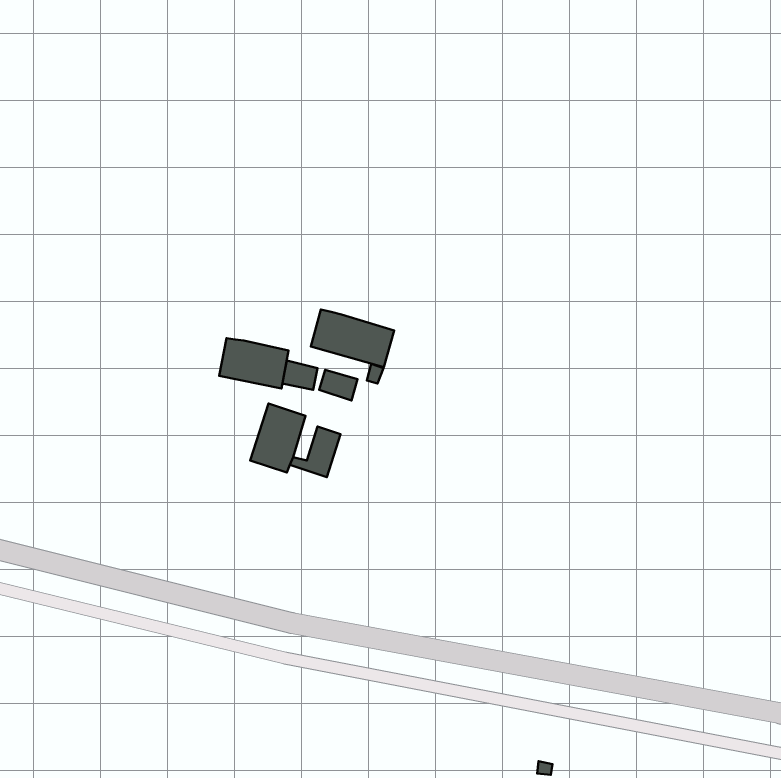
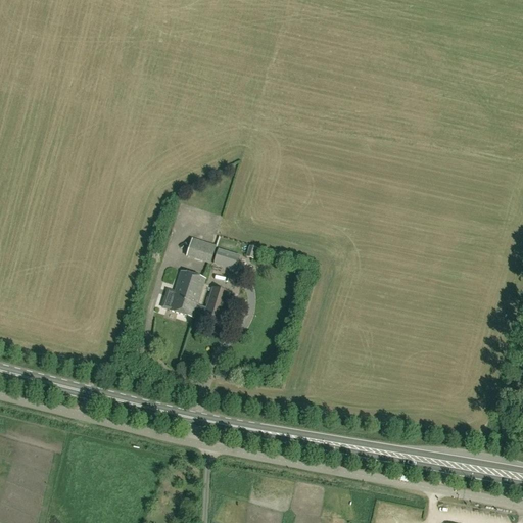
building: [311,310,394,367] -> none
building: [219,338,289,388] -> none

